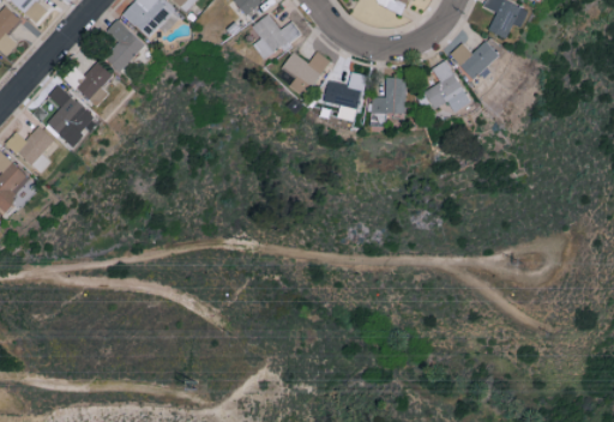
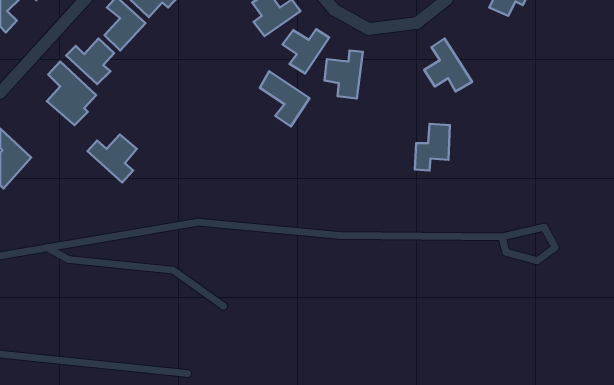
building: [450,41,499,80] -> none
building: [371,78,405,125] -> [415,124,450,171]
building: none -> [260,71,310,126]
building: [6,126,55,174] -> [87,134,137,182]

